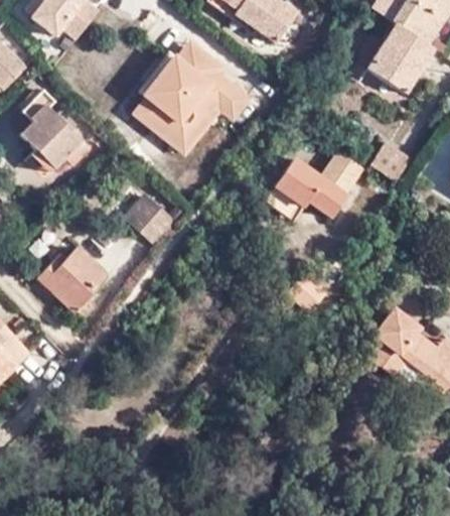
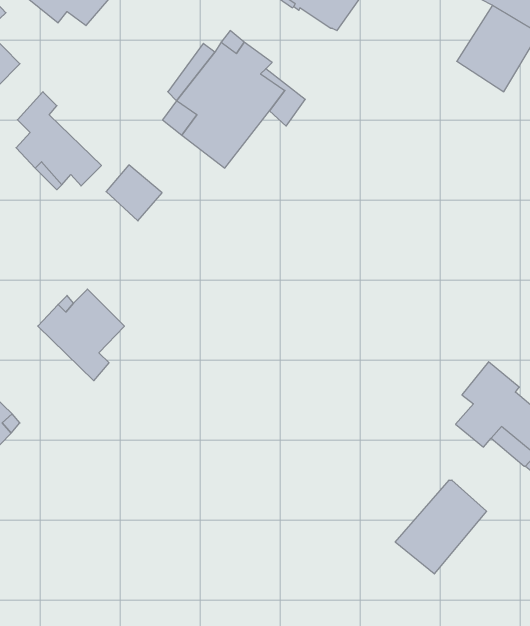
building: [370,141,414,183] -> none
building: [276,152,361,216] -> none
building: [127,196,171,240] -> [106,165,162,221]
building: none -> [395,480,487,574]

